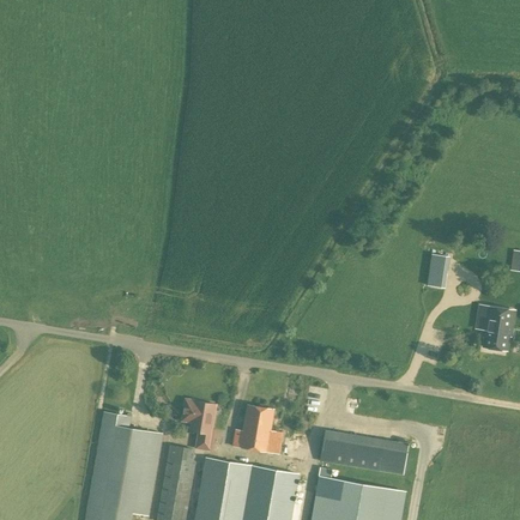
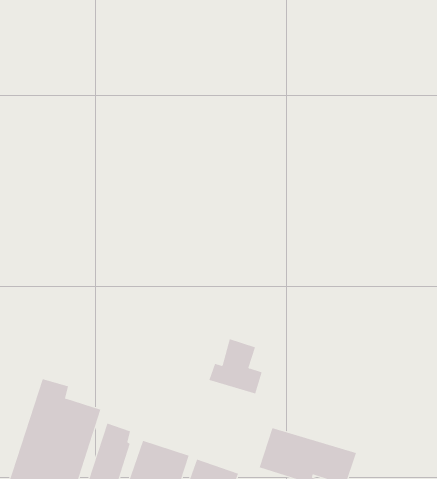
building: [427,253,449,288] -> none
building: [183,400,216,452] -> none
building: [232,405,283,454] -> [208,339,263,394]

